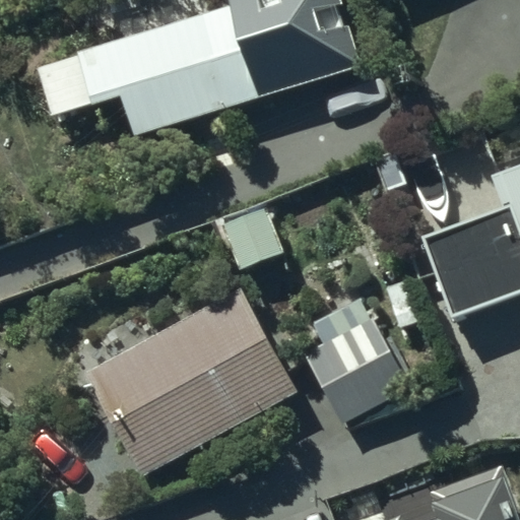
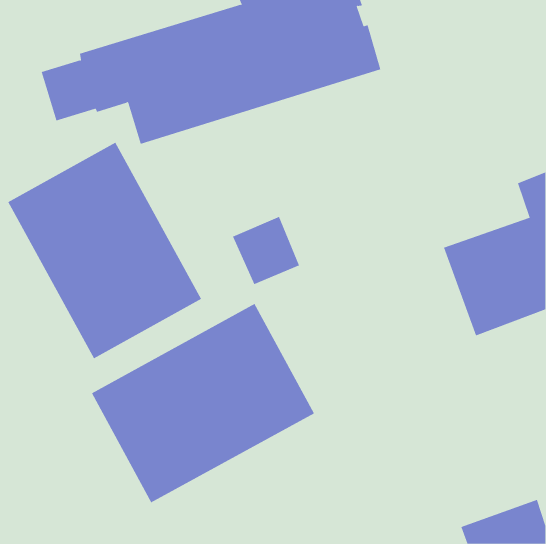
building: none -> [7,142,202,359]
building: [300,303,411,425] -> none

